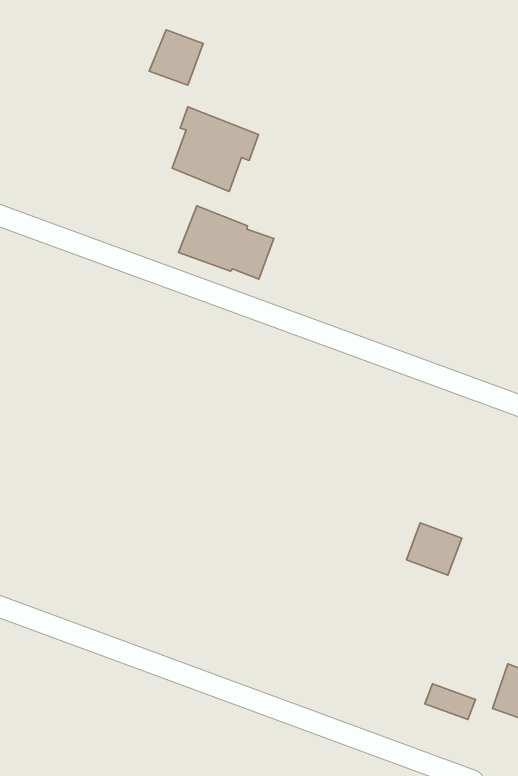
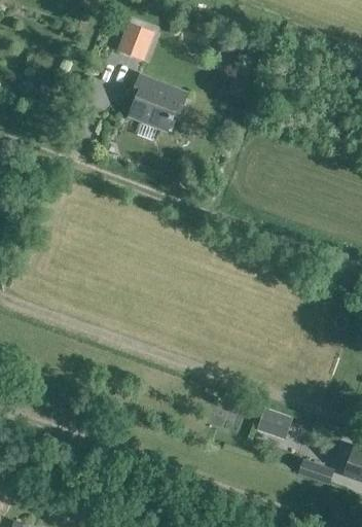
building: [178,206,274,279] -> none
building: [406,523,462,575] -> [254,405,291,440]

